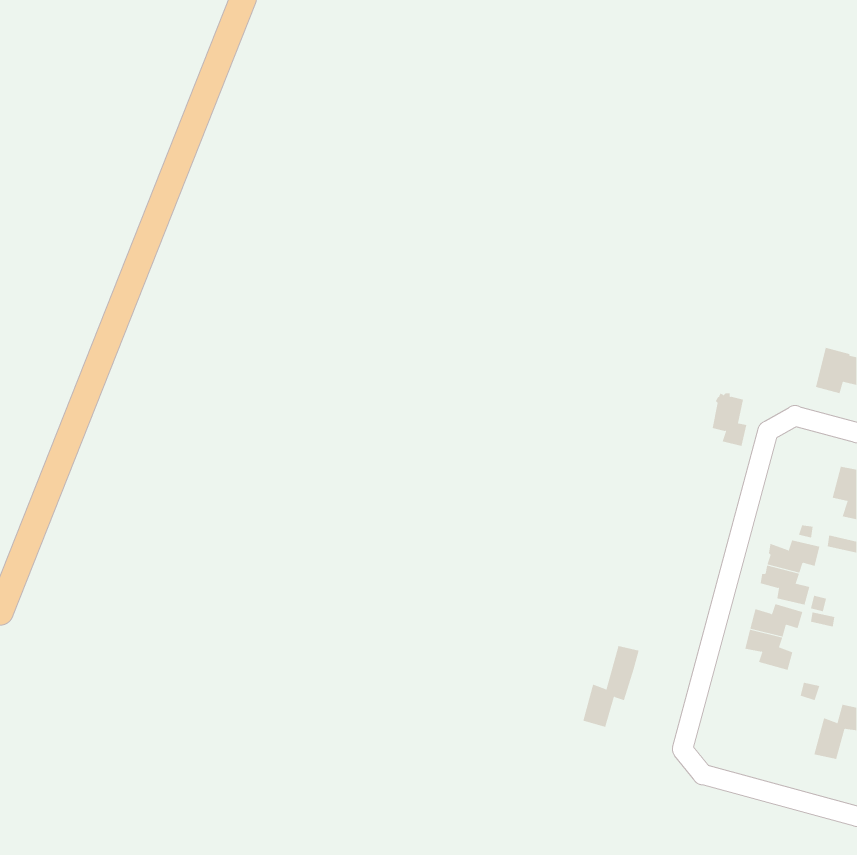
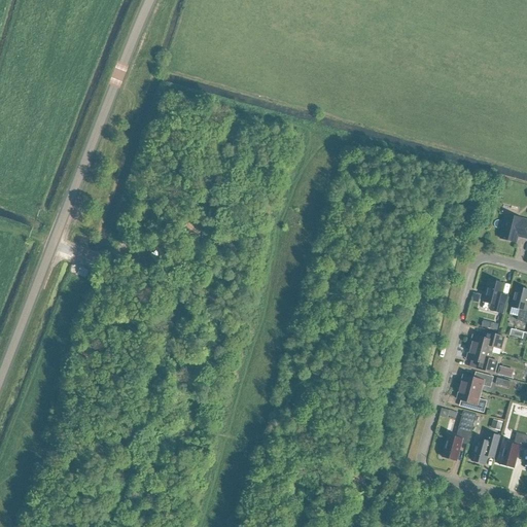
building: [712,393,747,447] -> [484,279,505,312]
building: [583,645,640,728] -> [442,410,477,460]
building: none -> [471,432,500,463]

